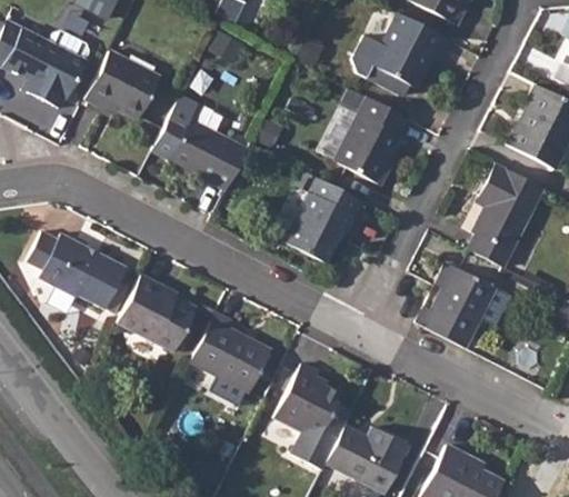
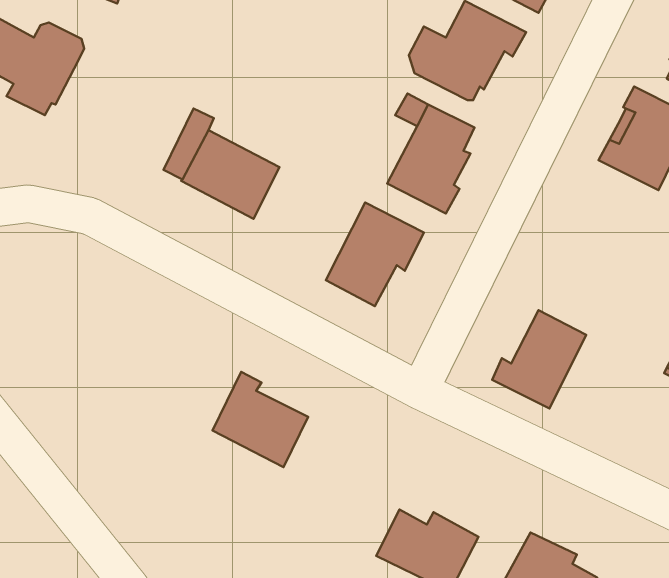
building: [84,51,159,119] -> none
building: [471,161,543,264] -> none
building: [27,231,128,309] -> none
building: [118,277,194,352] -> none
building: [271,367,350,473] -> none

